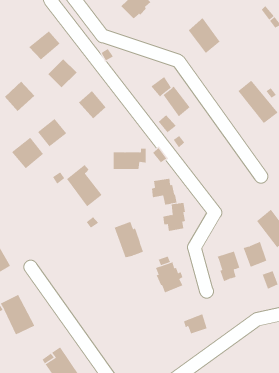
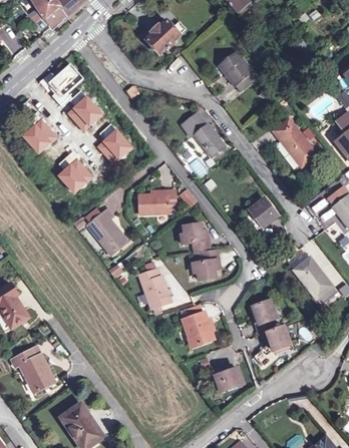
building: [11,137,44,169] -> none
building: none -> [248,199,276,228]
building: [243,241,267,267] -> [264,325,290,353]

